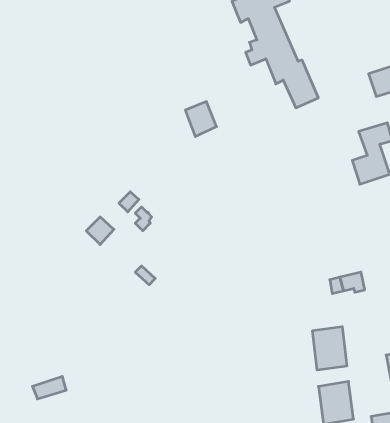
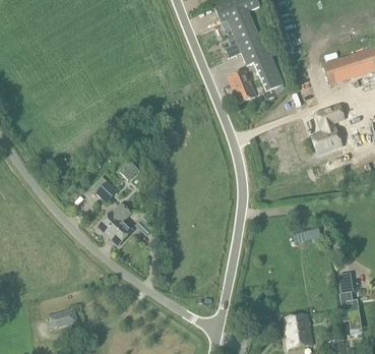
building: [185,102,217,137] -> [230,74,255,103]
building: none -> [98,203,132,244]
building: [313,327,347,370] -> none

